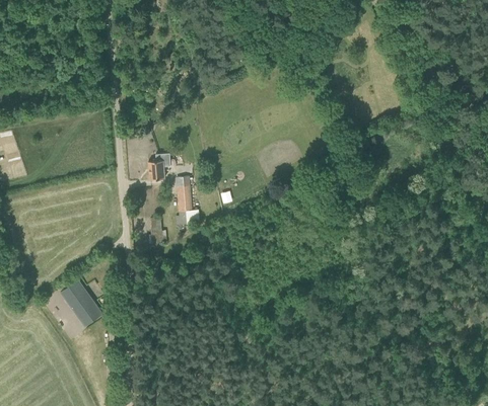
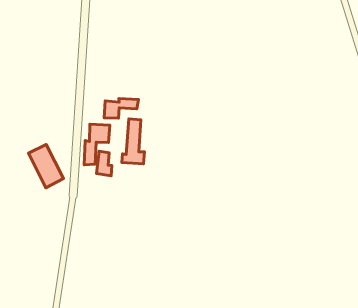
building: none -> [84,124,110,165]
building: [59,280,100,327] -> [29,144,64,188]

